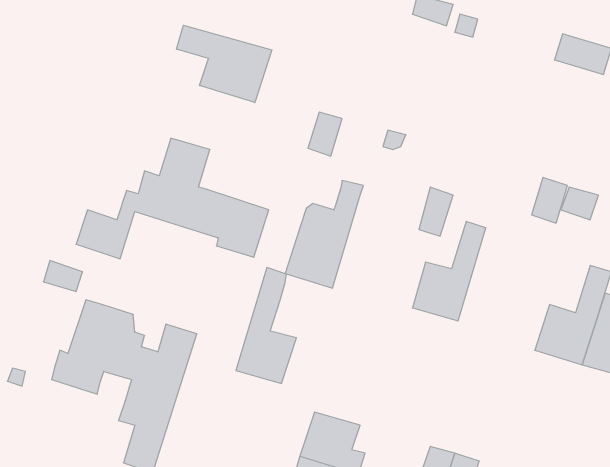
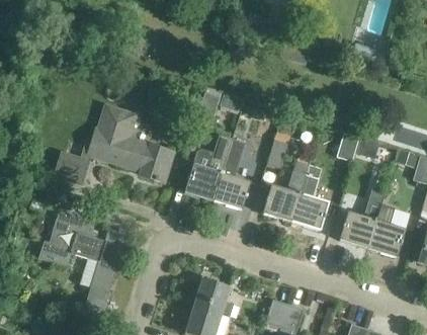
building: [177,25,272,103] -> none
building: none -> [291,164,329,231]
building: [236,268,296,383] -> [214,138,251,210]

